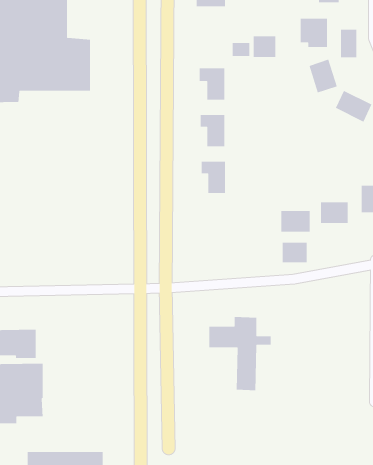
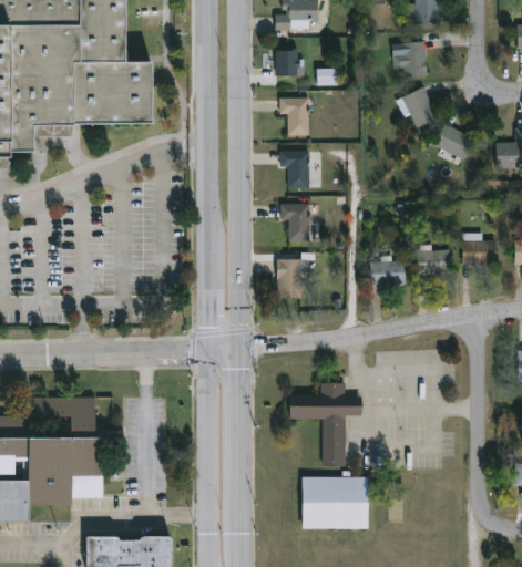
building: [340,29,357,58] -> none
building: [253,35,276,58] -> [275,50,301,75]
building: none -> [277,259,304,299]
building: [282,242,307,263] -> none
building: none -> [300,475,367,527]

